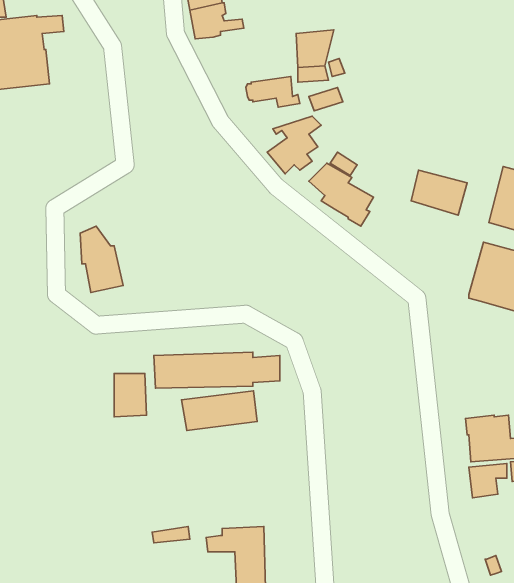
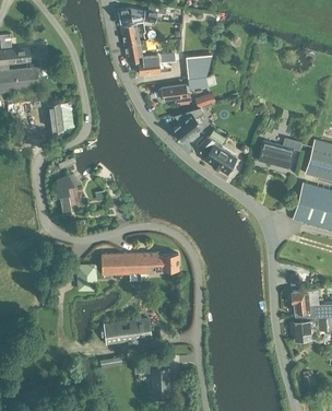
building: none -> [137,52,175,74]
building: none -> [48,103,73,131]
building: [182,391,257,431] -> [104,319,150,343]

